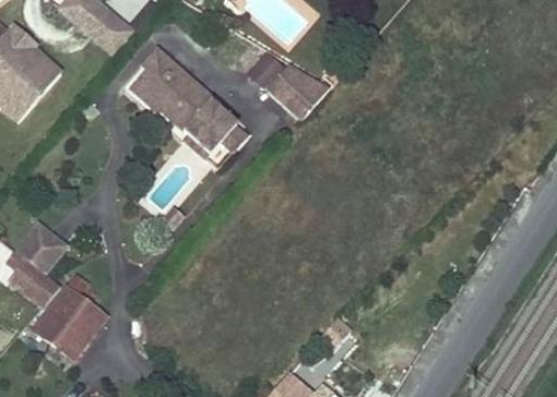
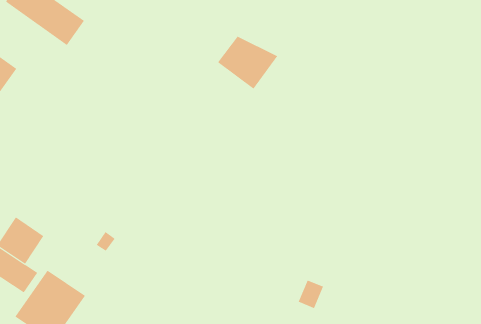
building: [132,52,234,153] -> none

